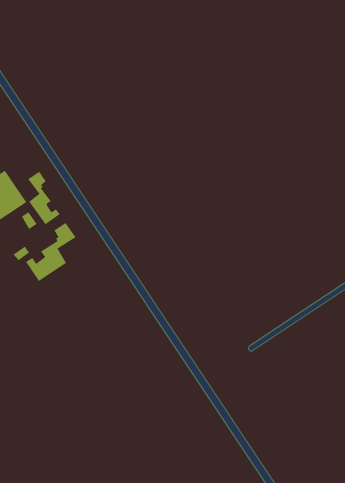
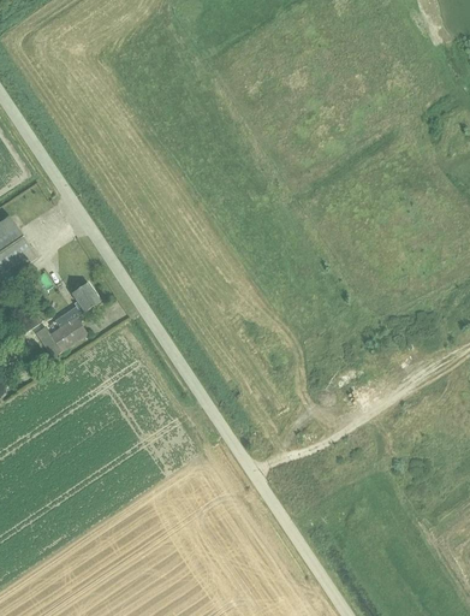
building: [28,171,61,225] -> none

